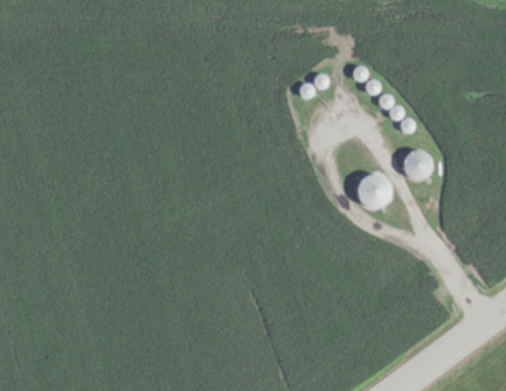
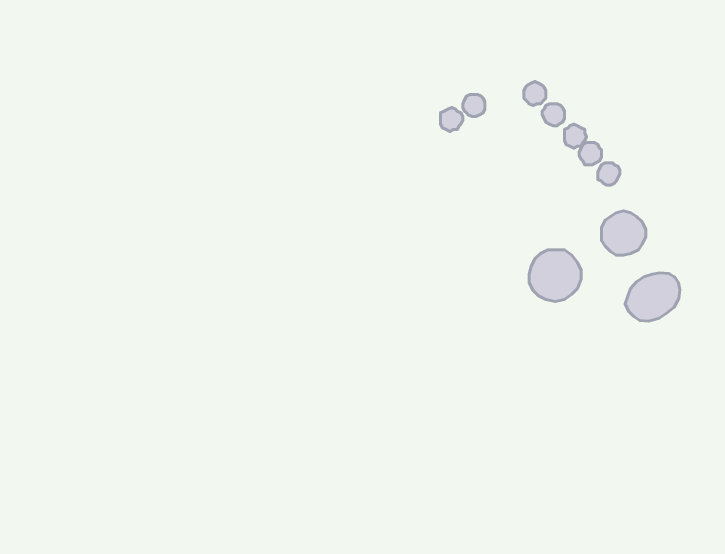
building: none -> [625,273,680,321]

